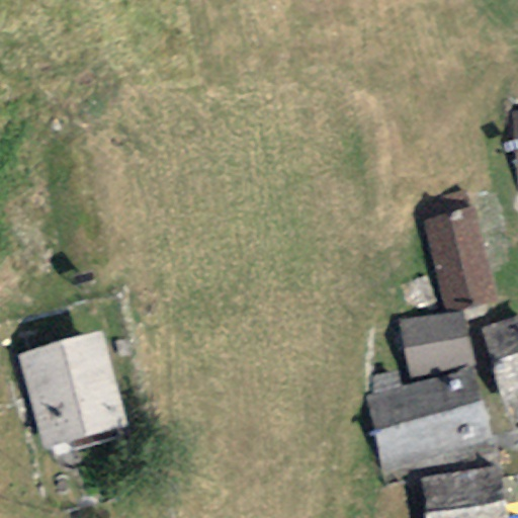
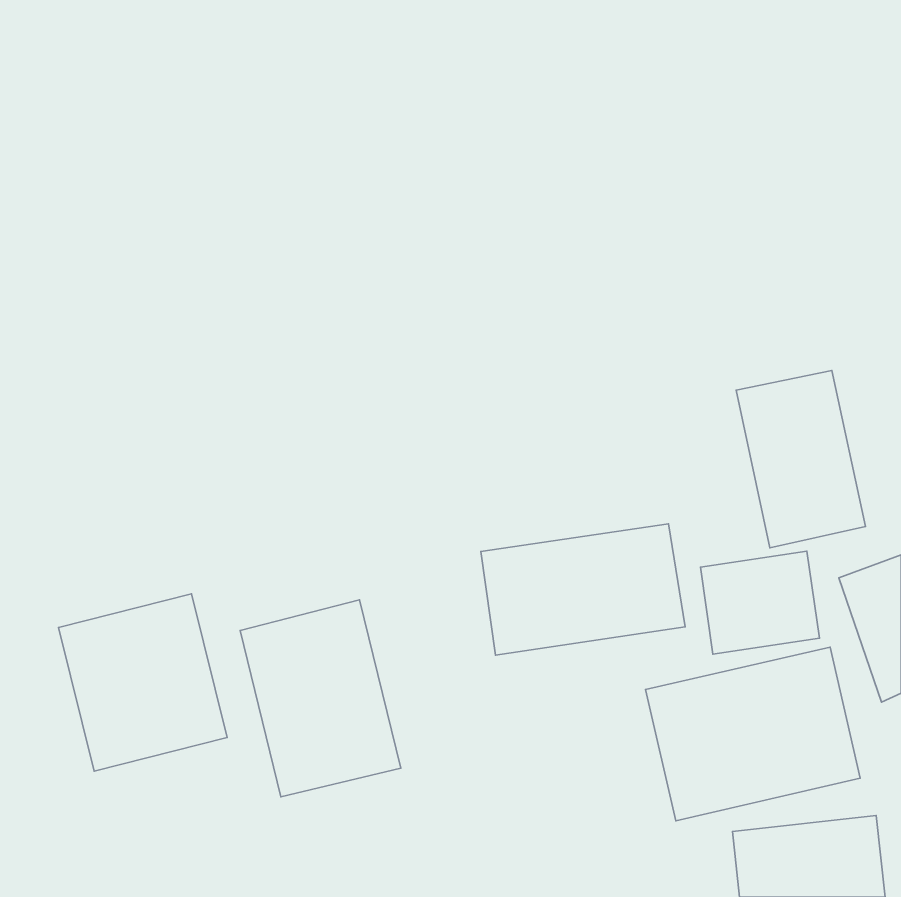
building: none -> [481,524,685,655]
building: none -> [240,600,401,797]

